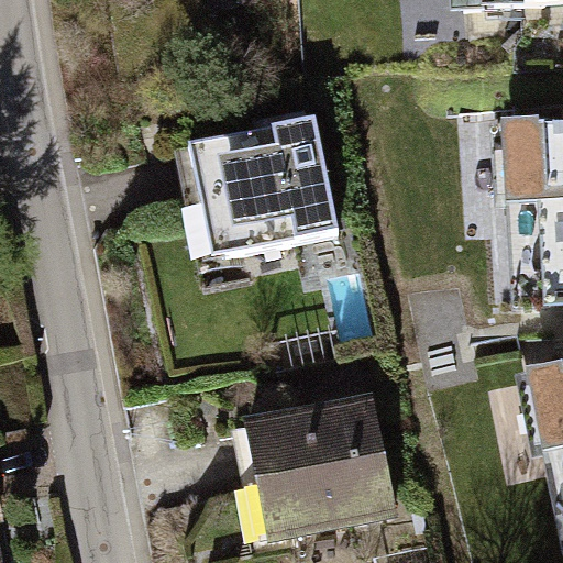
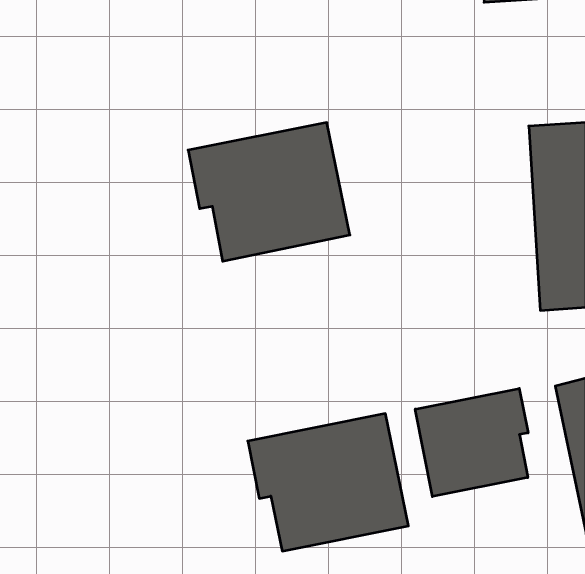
building: none -> [415,388,528,497]

